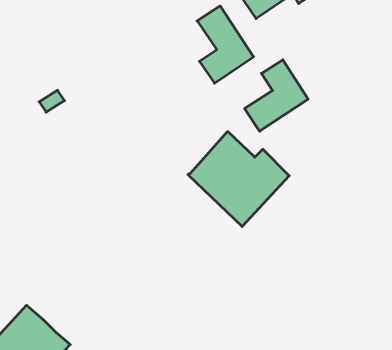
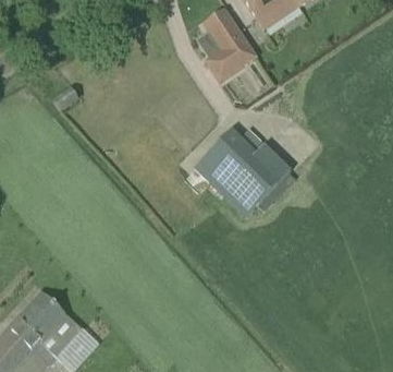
building: [245,60,308,131] -> none

